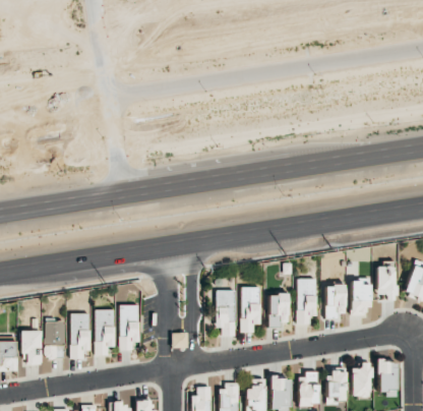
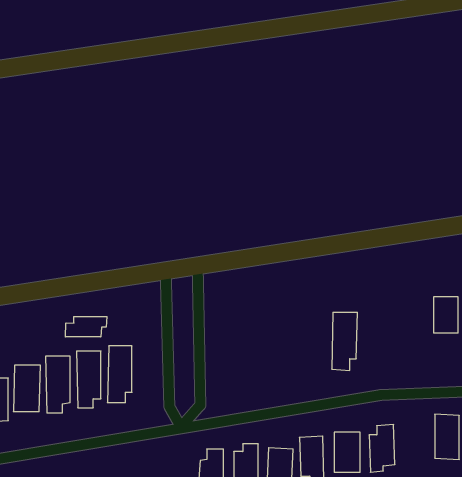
building: [352,279,371,314] -> none
building: none -> [65,317,107,337]
building: [325,285,346,316] -> none
building: [242,287,261,325] -> none
building: [217,291,236,335] -> none
building: [269,294,289,325] -> none
building: [352,362,371,396] -> none

